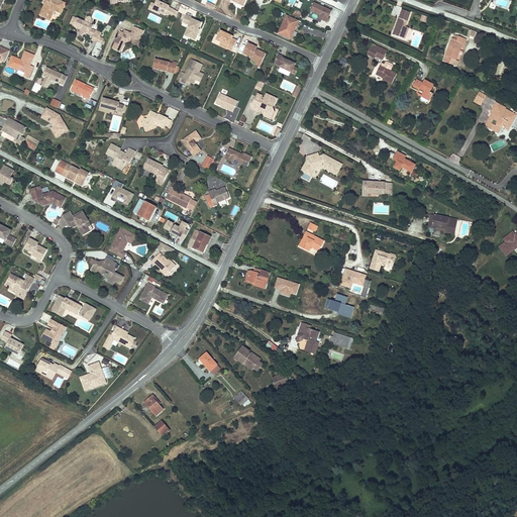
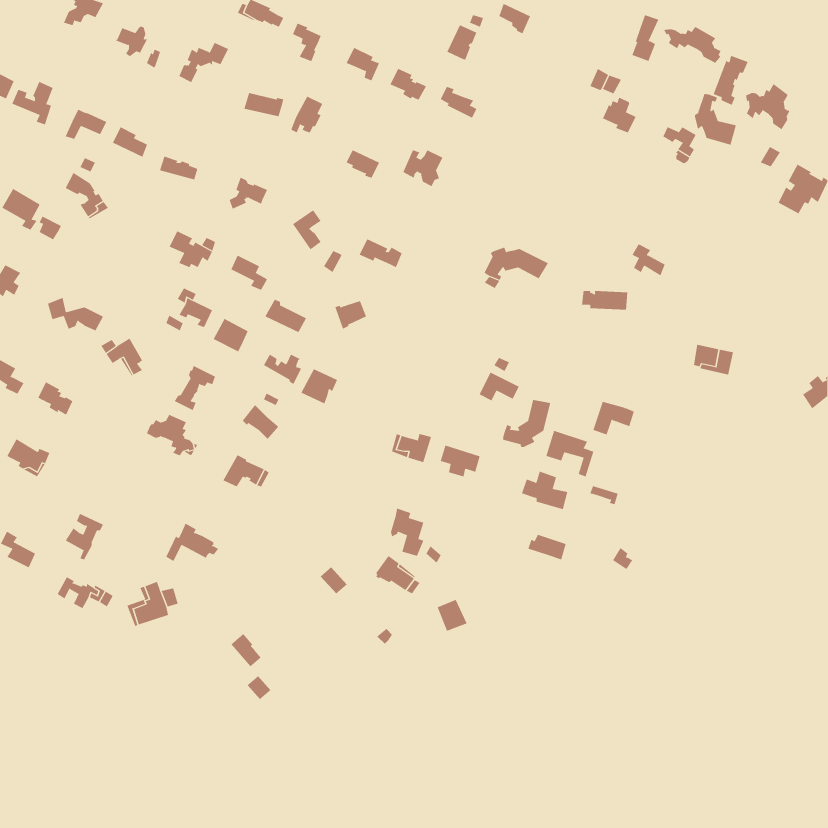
building: none -> [663,26,721,63]
building: none -> [745,83,790,130]
building: none -> [694,93,737,145]
building: [55,160,88,183] -> none
building: none -> [503,399,551,448]
building: [50,295,94,319] -> none
building: [297,322,318,352] -> [390,508,424,557]

